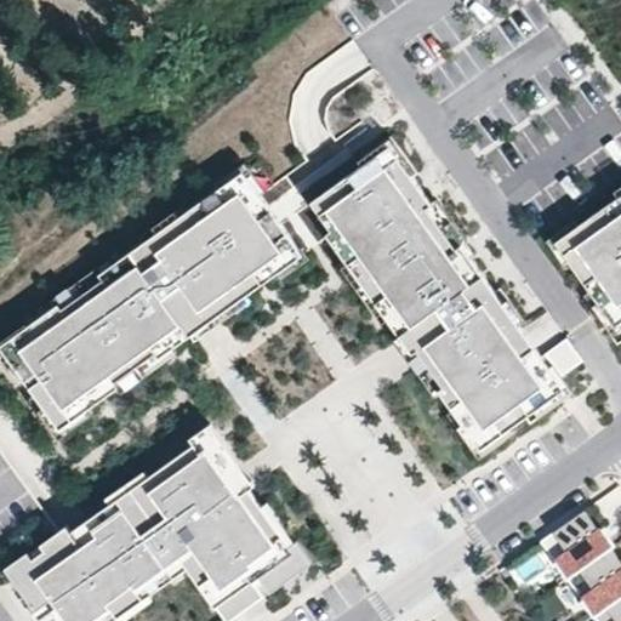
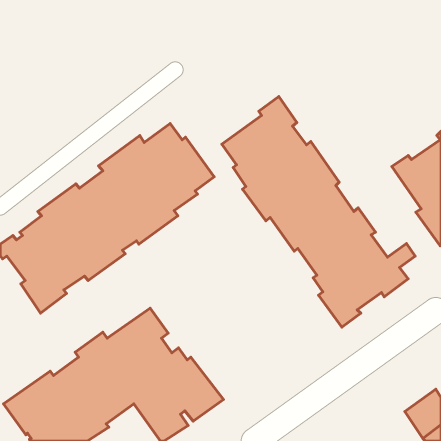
building: [541,509,613,579] -> none

